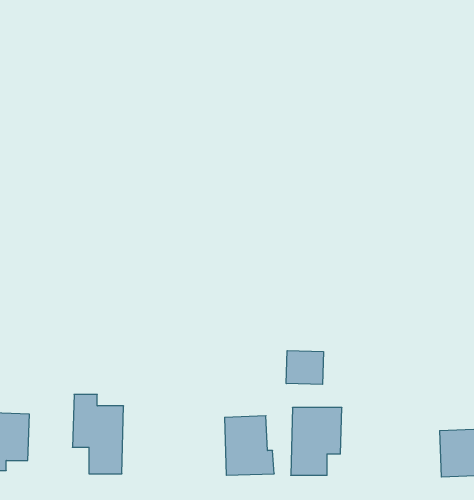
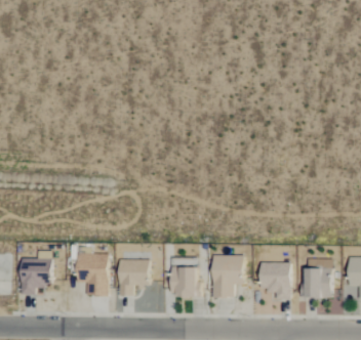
building: [286,351,323,384] -> none
building: none -> [119,260,149,297]
building: none -> [260,263,291,300]

